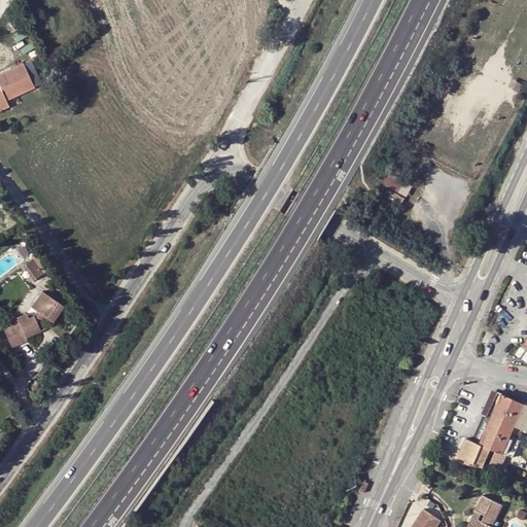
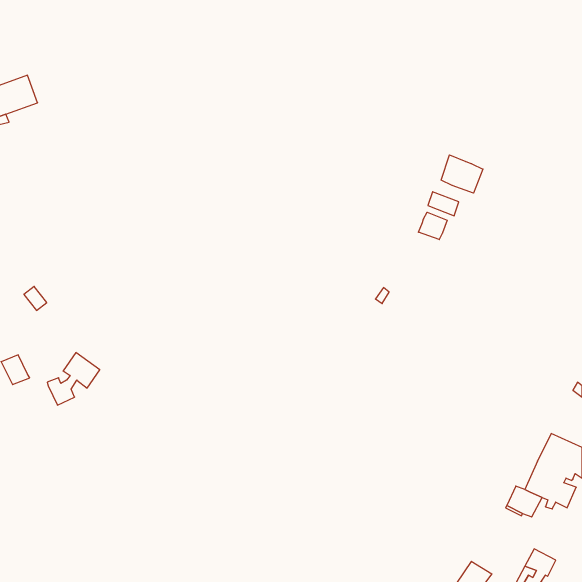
building: none -> [441,155,483,193]
building: none -> [418,212,447,240]
building: [15,291,63,339] -> [47,353,100,405]

